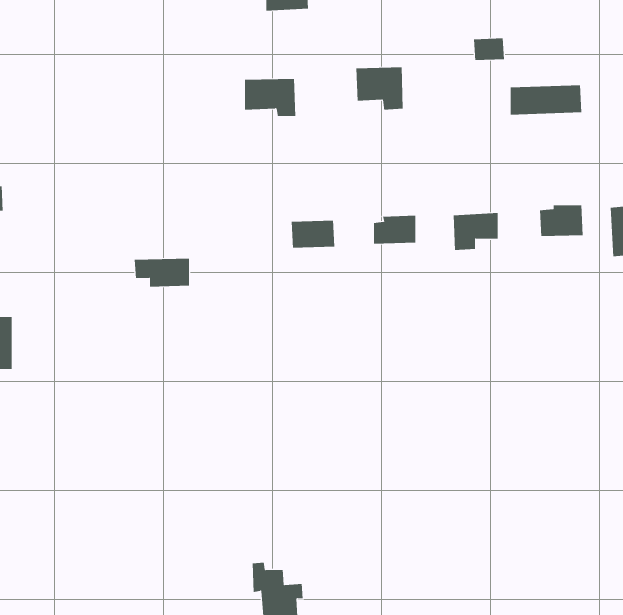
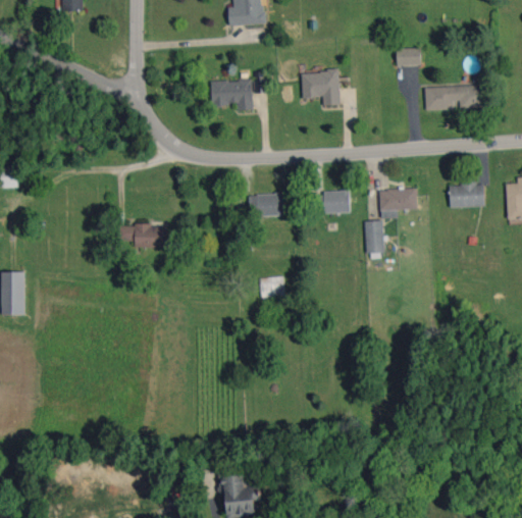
building: none -> [364,220,383,253]
building: none -> [260,276,284,297]

